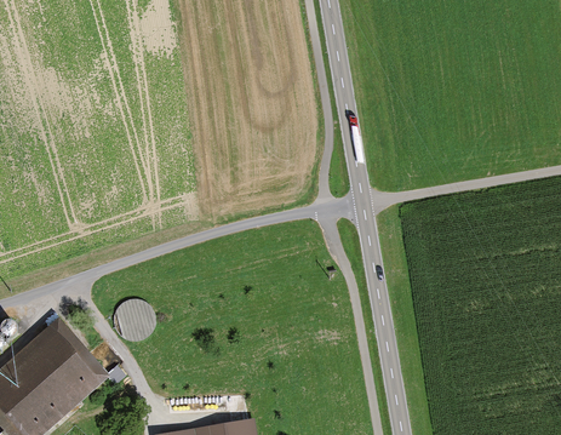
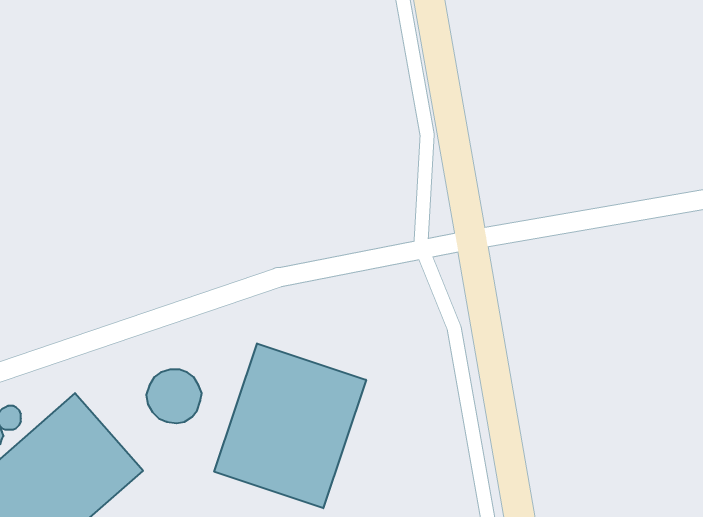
building: none -> [214,343,366,508]

